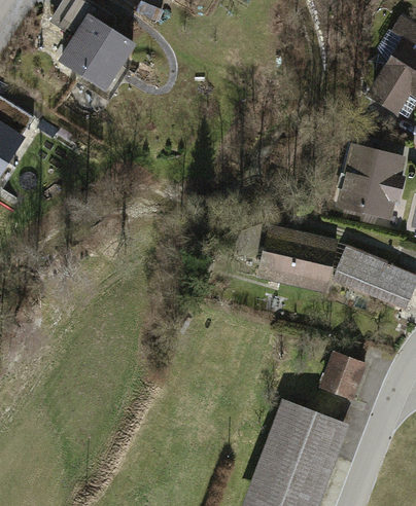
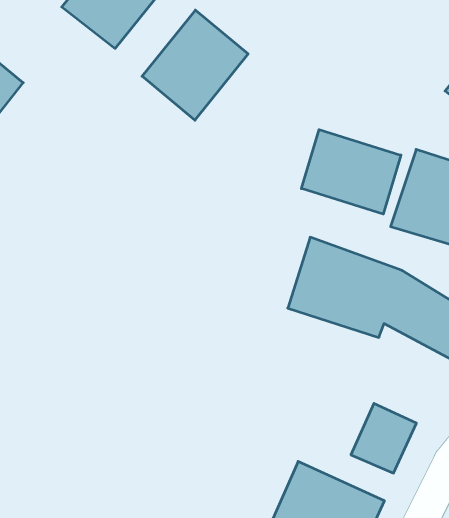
building: none -> [142,10,248,120]
building: none -> [301,130,401,214]

